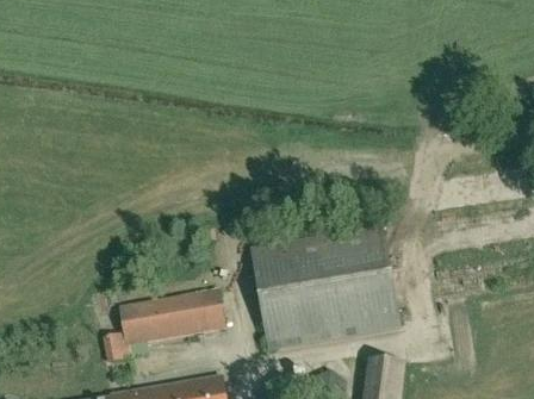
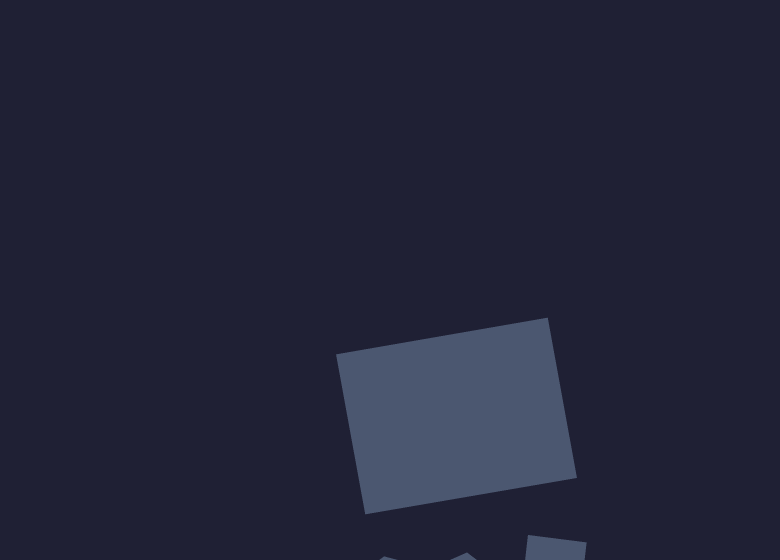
building: [118,285,225,345] -> none

